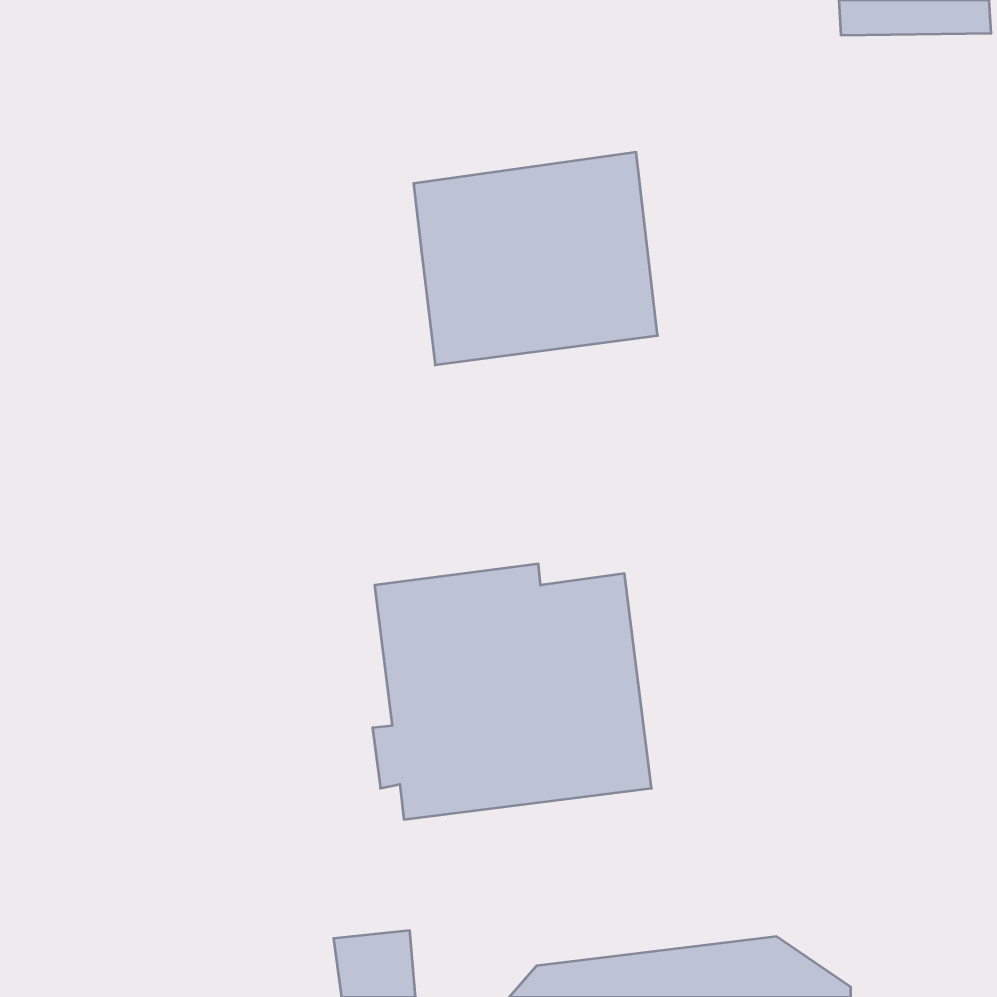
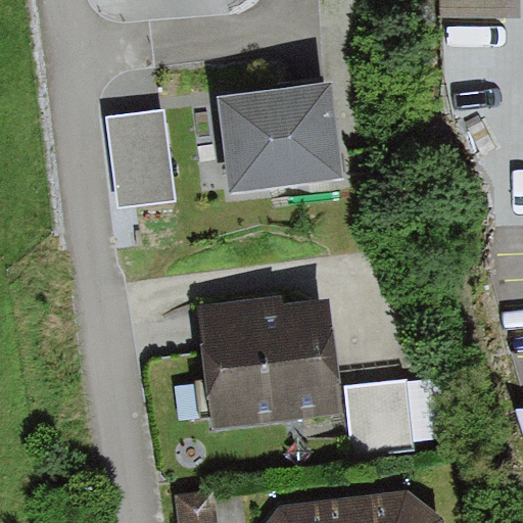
building: none -> [107,110,175,206]
building: none -> [346,382,410,458]

